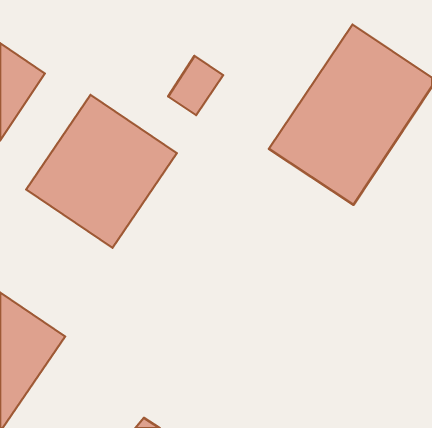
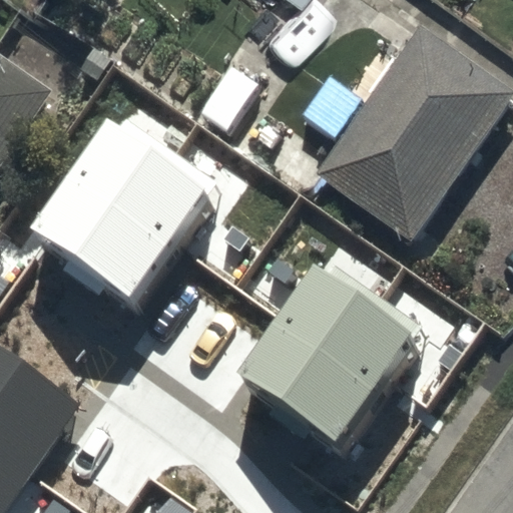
building: none -> [234,263,412,442]

